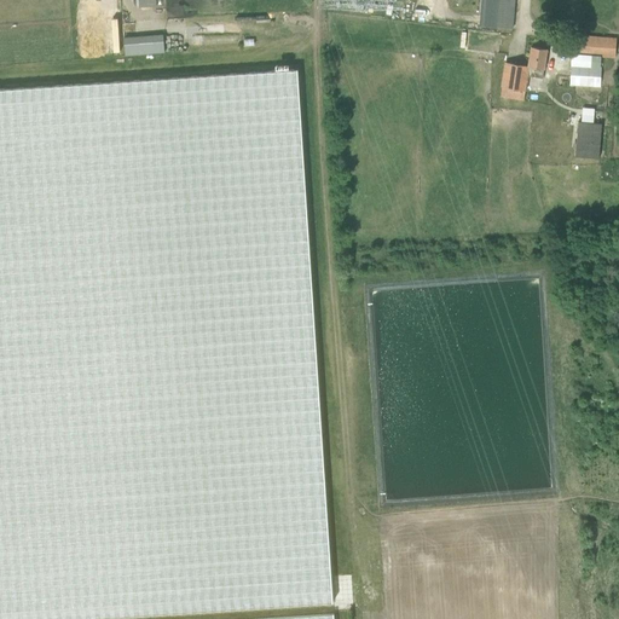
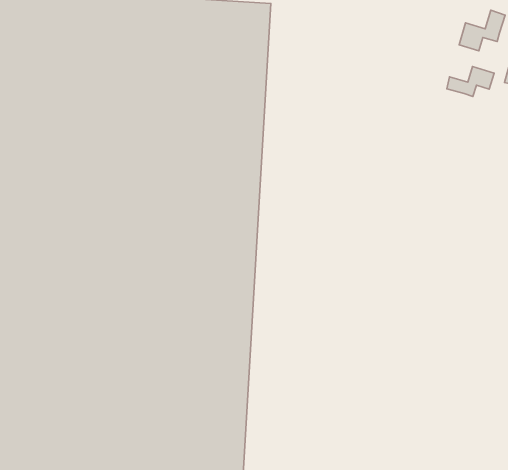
building: none -> [447,67,494,97]

